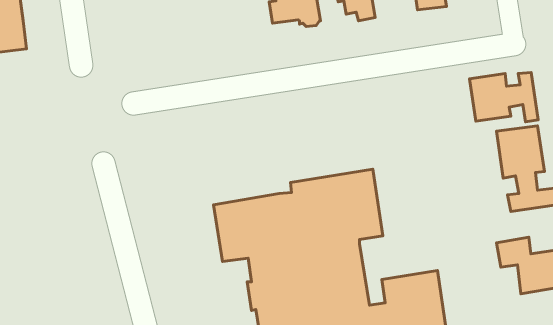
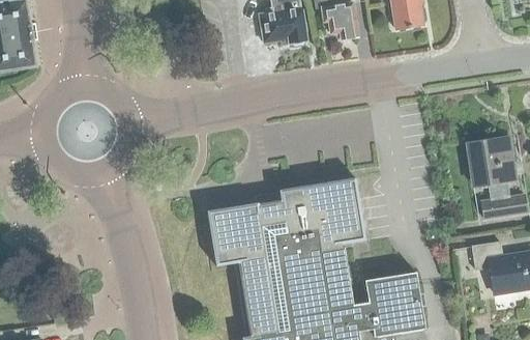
building: [469,73,538,122] -> none

